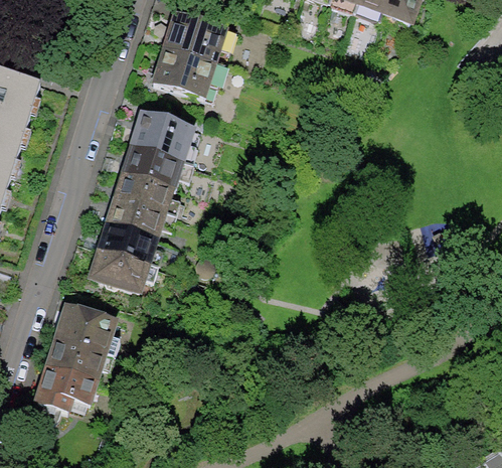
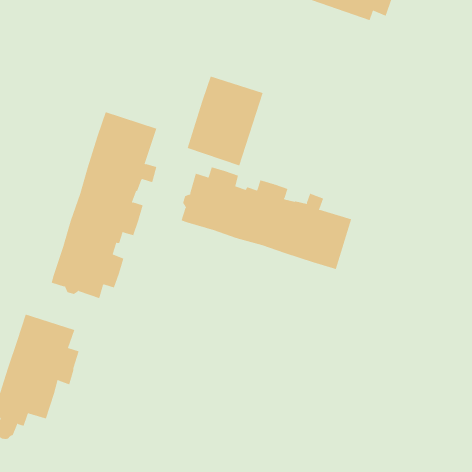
building: [152,10,224,96] -> [187,76,263,166]
building: none -> [181,167,352,270]

